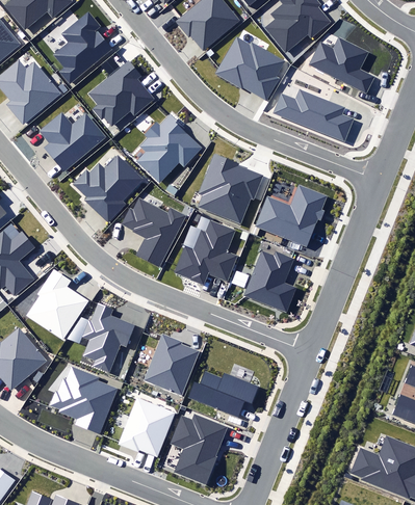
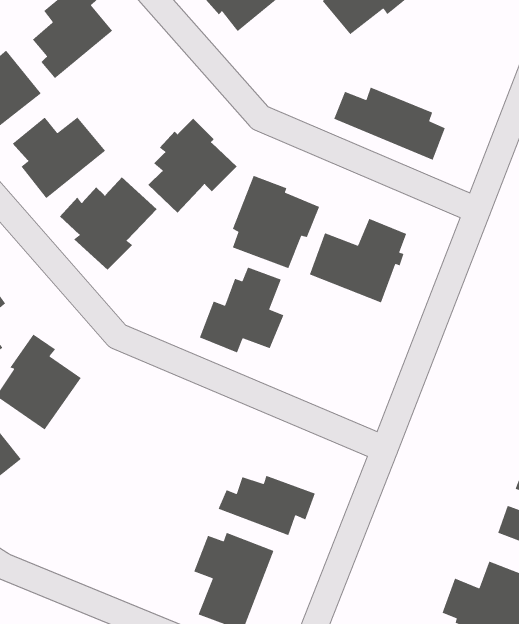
building: [215,36,286,101] -> none
building: [309,37,374,94] -> none
building: [88,61,154,127] -> none
building: [122,198,187,267] -> none
building: [244,250,299,314] -> none
building: [83,304,136,374] -> none
building: [145,335,200,396] -> none
building: [51,366,119,434] -> none
building: [119,398,176,457] -> none

